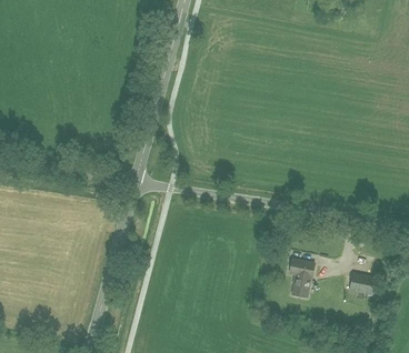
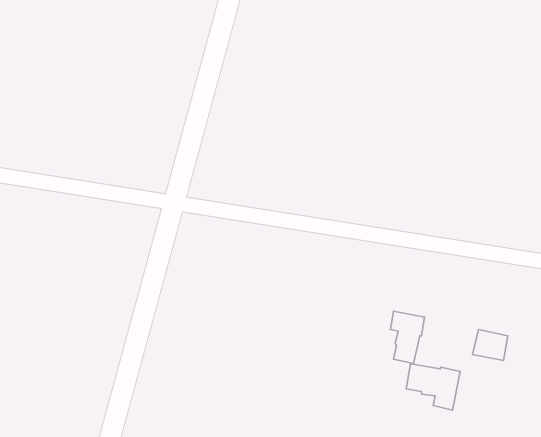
building: none -> [406,364,460,410]

